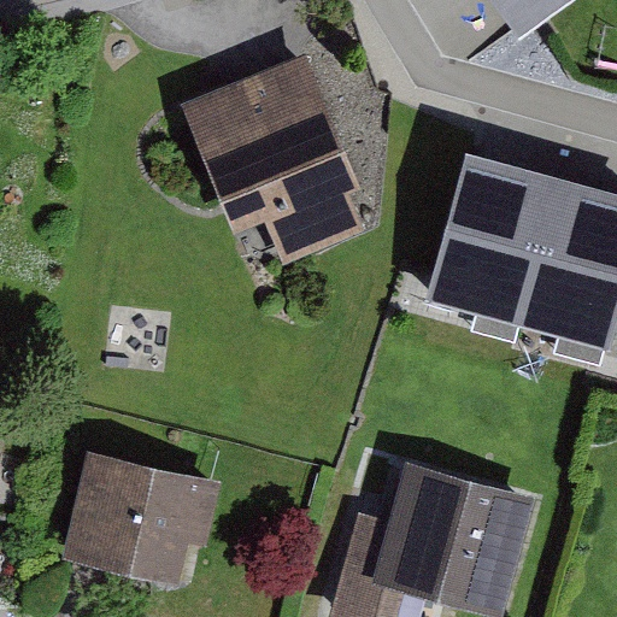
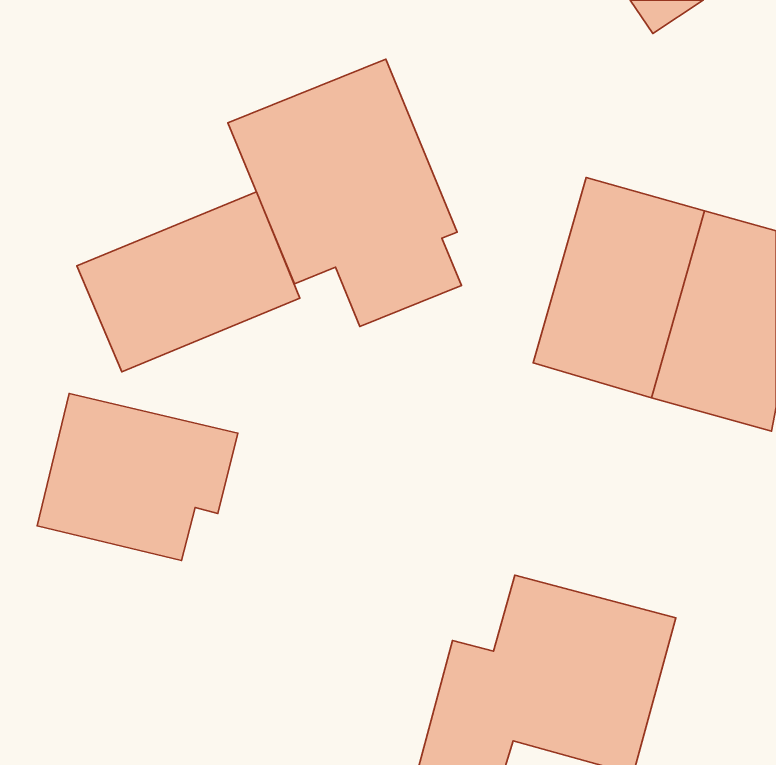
building: none -> [77,192,300,372]
building: [64,453,223,586] -> [37,394,238,561]

